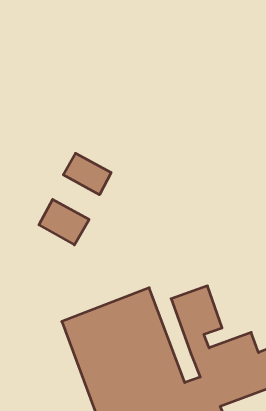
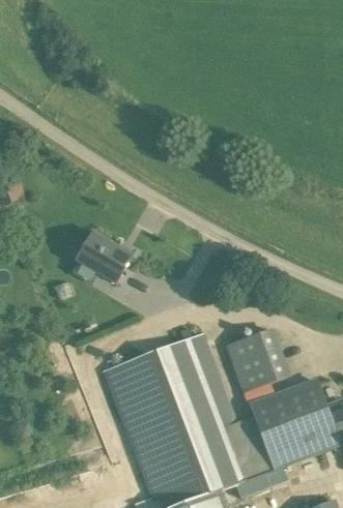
building: [63,153,111,195] -> none

